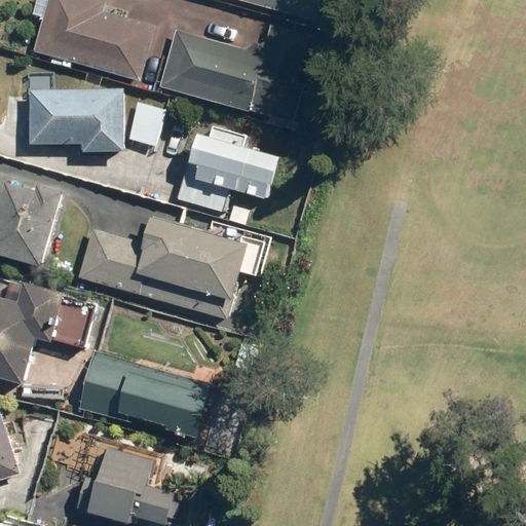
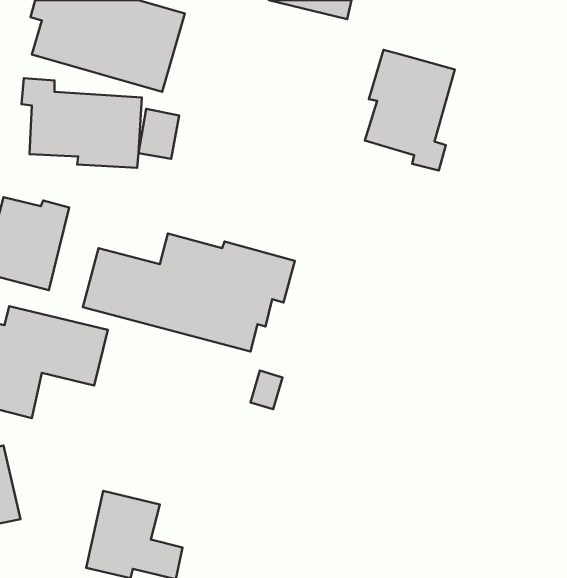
building: [157,25,313,122] -> none
building: none -> [365,50,455,171]
building: [170,129,284,217] -> none
building: [69,352,201,441] -> none

